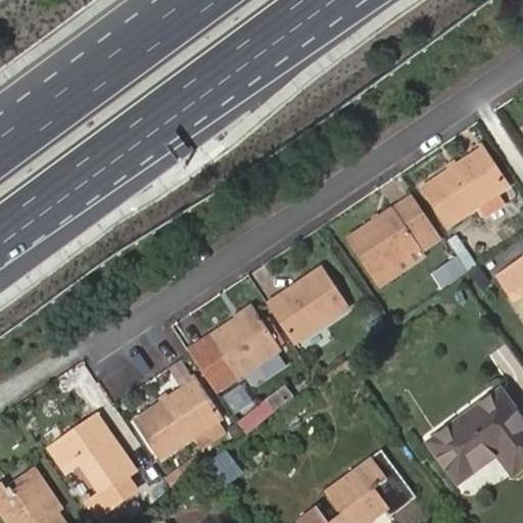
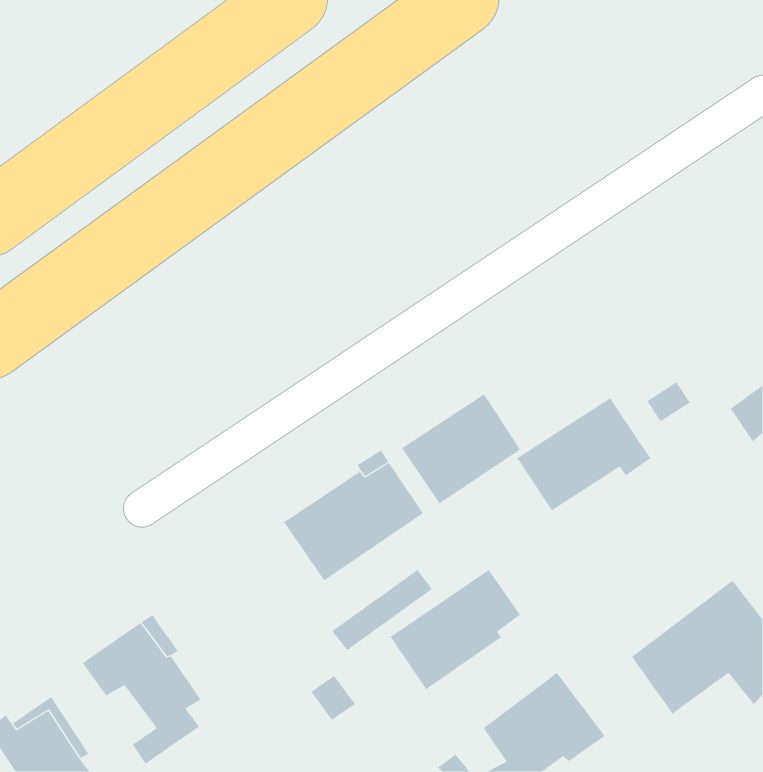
building: [423,156,501,228] -> none
building: [348,197,439,274] -> [517,398,651,511]
building: [139,380,222,456] -> none
building: none -> [390,569,521,690]

